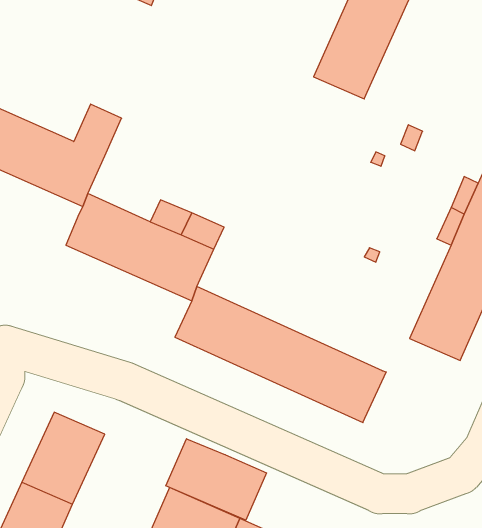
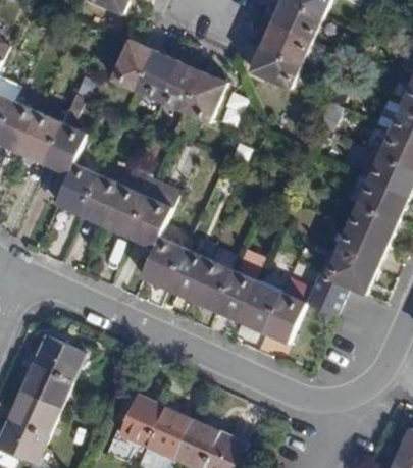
building: none -> [110,39,228,123]
building: none -> [307,274,349,317]
building: [166,439,266,520] -> none

